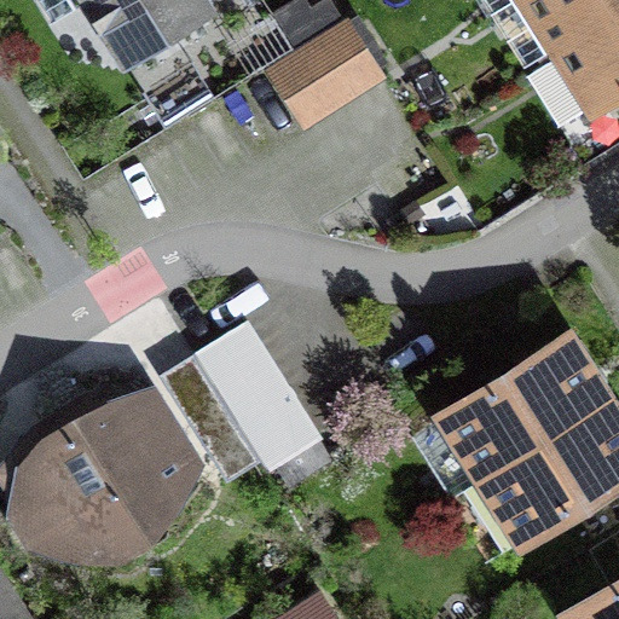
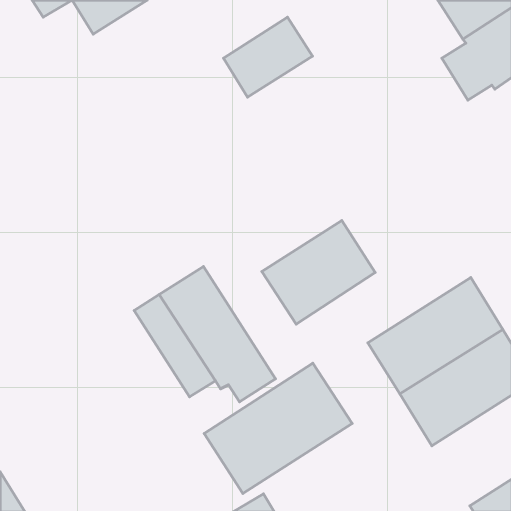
building: none -> [262,220,375,324]
building: [16,400,189,550] -> none
building: none -> [204,363,352,493]

